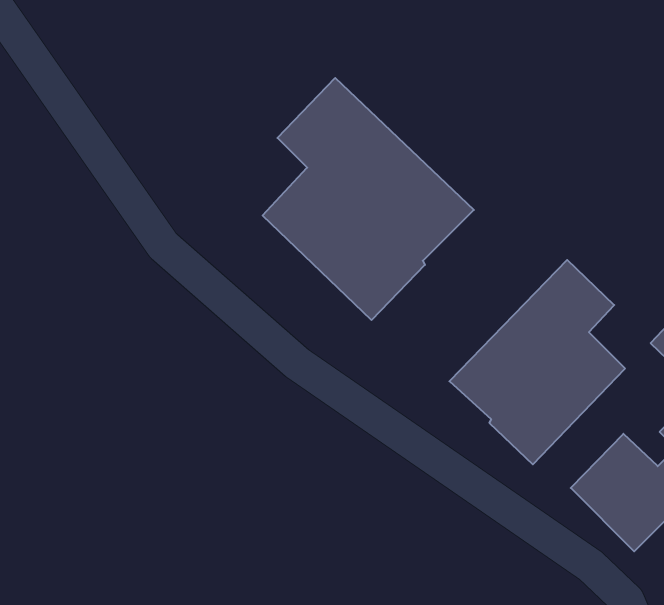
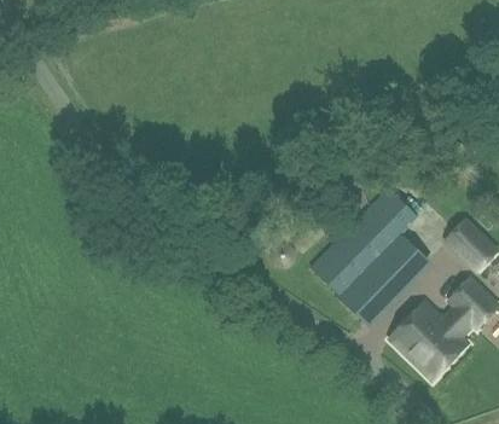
building: [263,78,474,320] -> none

